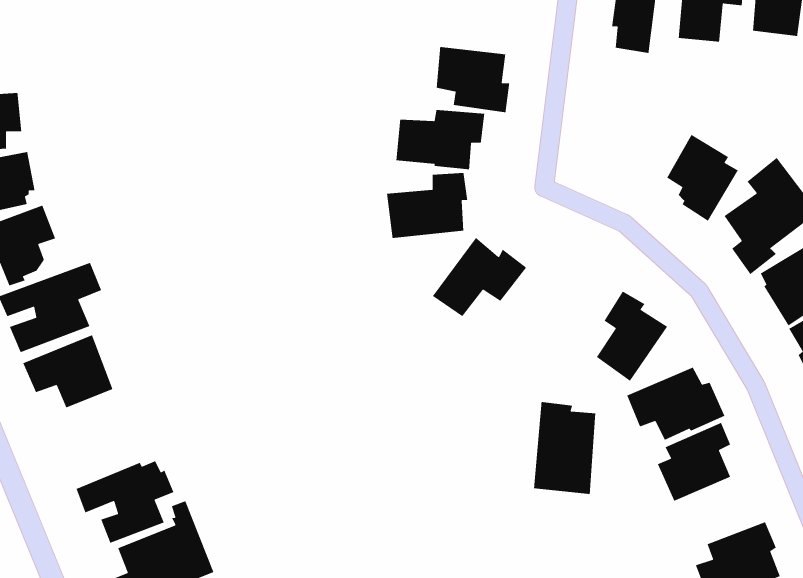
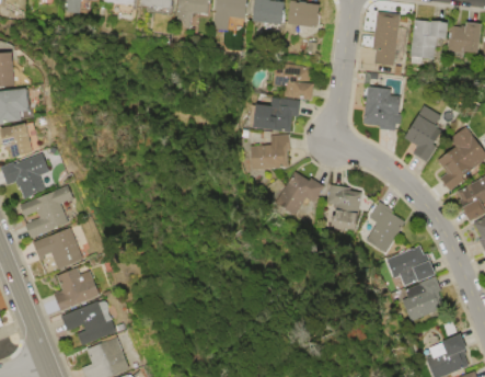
building: none -> [362,85,402,130]
building: [533,401,596,495] -> [322,184,358,238]
building: none -> [54,267,104,311]

